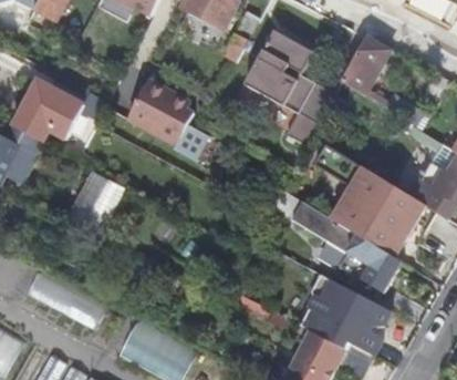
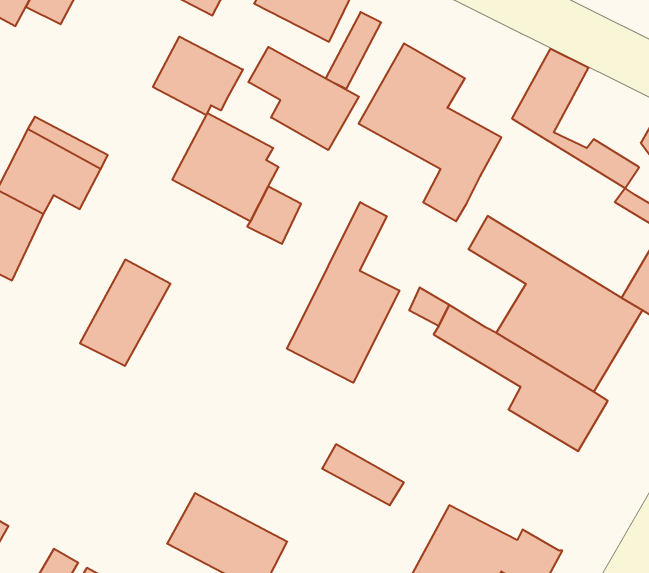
building: none -> [153,37,243,115]
building: none -> [248,47,359,150]
building: none -> [287,202,399,383]
building: [31,270,108,323] -> none
building: [299,273,391,356] -> none

